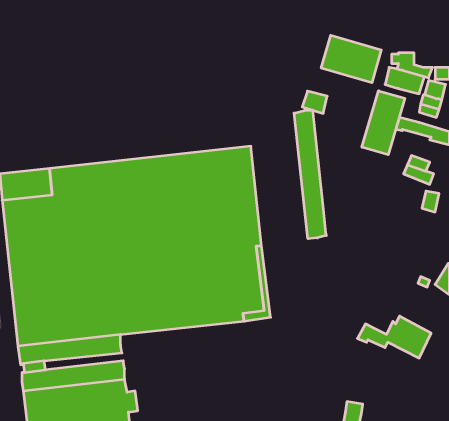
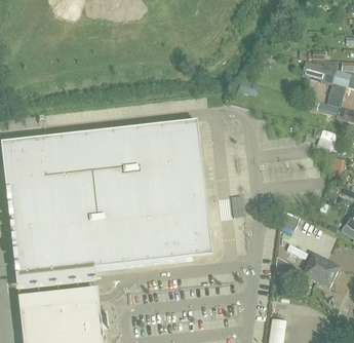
building: [321,35,381,83] -> none
building: [362,91,405,155] -> none
building: [294,110,326,239] -> none

